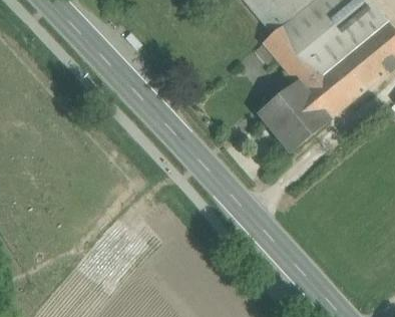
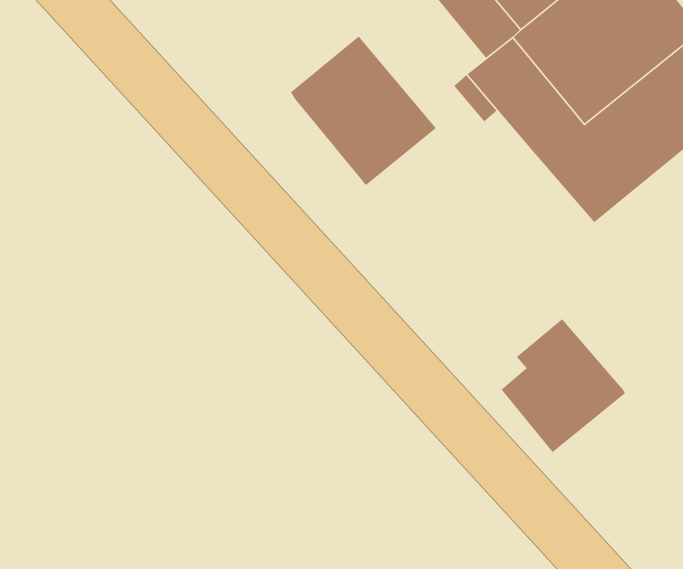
building: none -> [290,35,437,186]
building: [265,82,330,152] -> [500,318,626,453]

